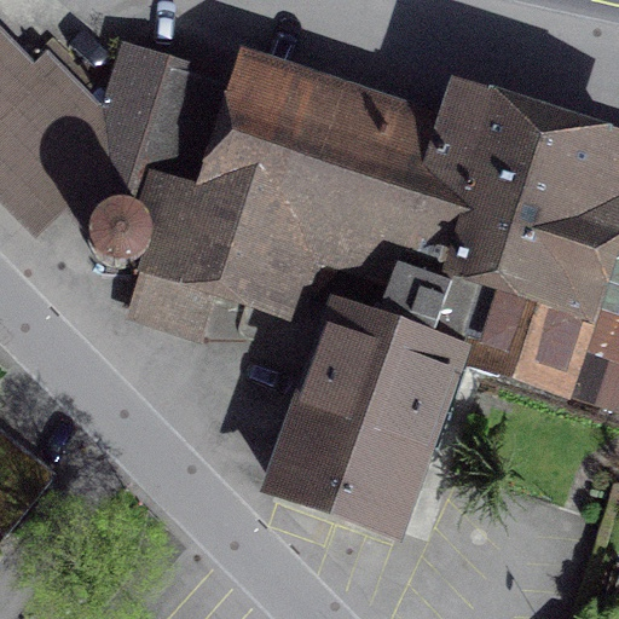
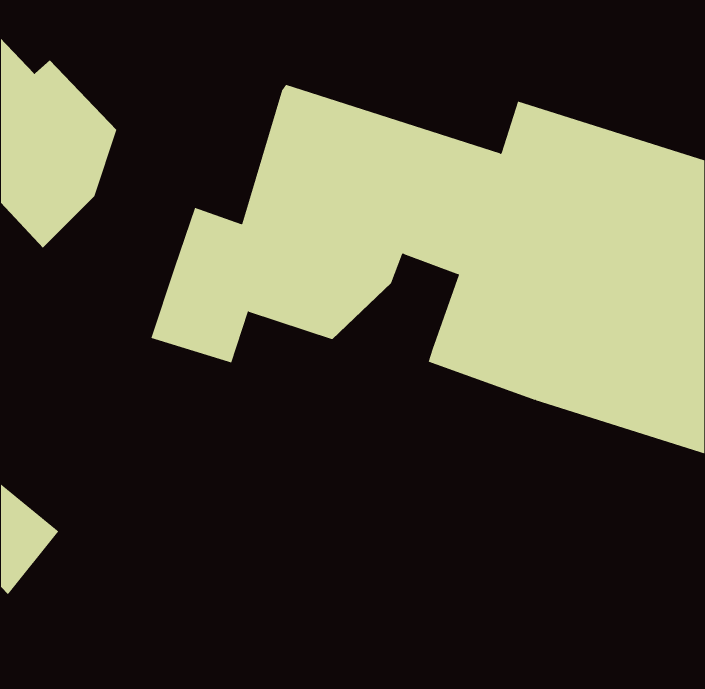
building: [66,40,247,254] -> none
building: [277,293,469,510] -> none

